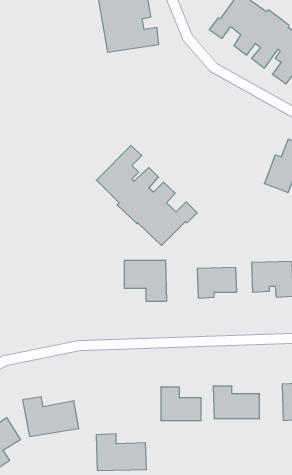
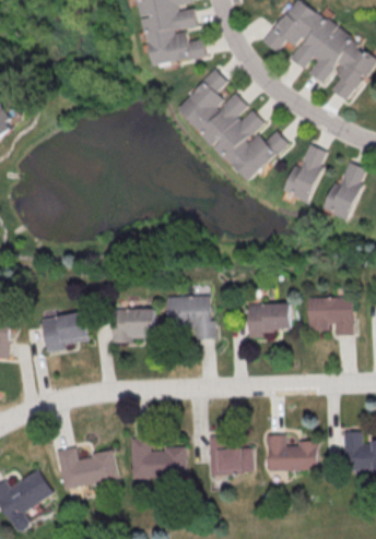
building: none -> [283,142,330,202]
building: [96,146,197,245] -> [177,70,289,180]
building: none -> [110,309,155,343]
building: none -> [40,312,89,350]
building: [96,434,147,470] -> [129,438,185,478]

